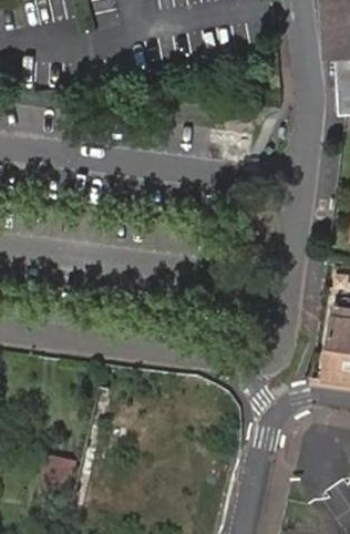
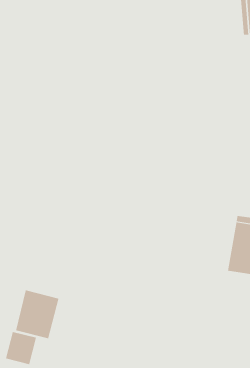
building: none -> [16,290,59,339]

